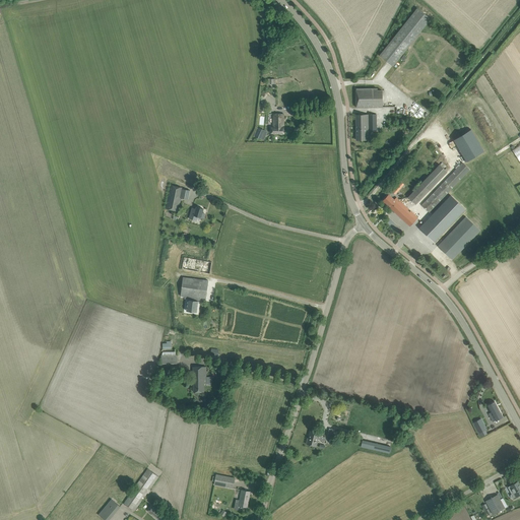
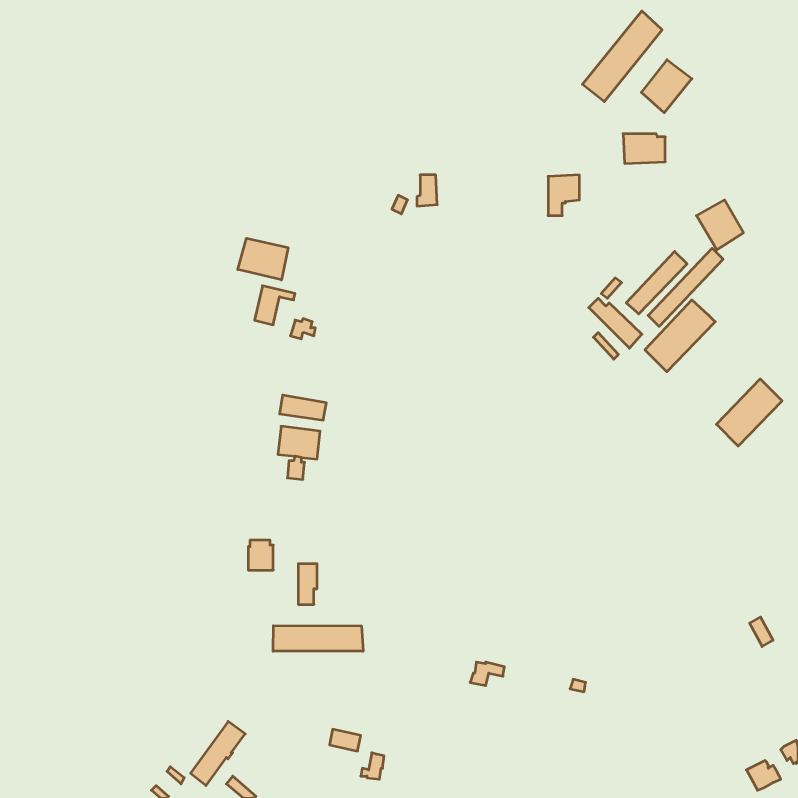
building: none -> [641,60,692,113]
building: [355,88,383,108] -> [623,134,665,163]
building: none -> [238,238,288,280]
building: [438,216,480,260] -> [716,379,782,446]
building: none -> [273,626,363,651]

